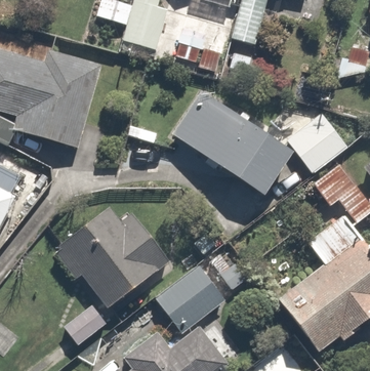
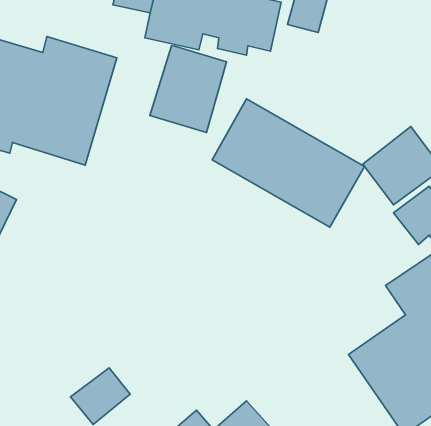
building: none -> [150,46,227,132]
building: [58,208,170,306] -> none
building: [153,260,229,334] -> none

